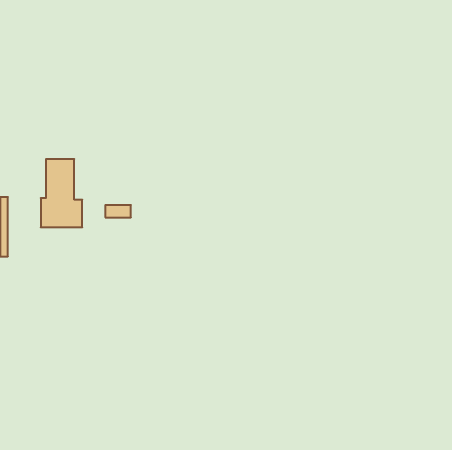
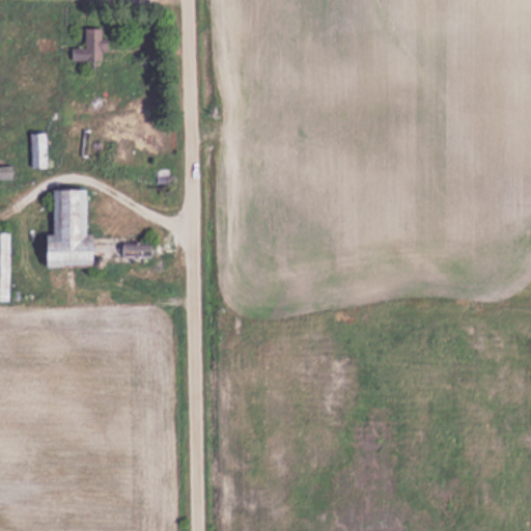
building: none -> [71,28,106,62]
building: none -> [30,133,47,168]

